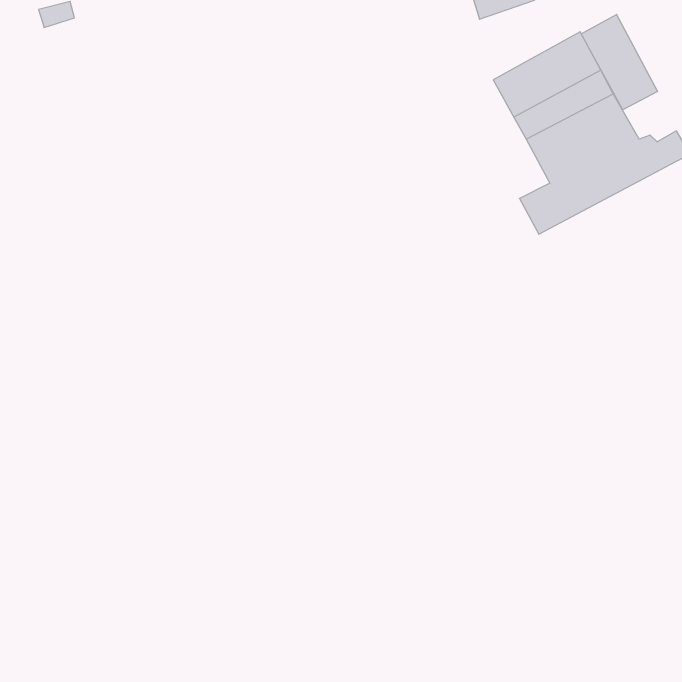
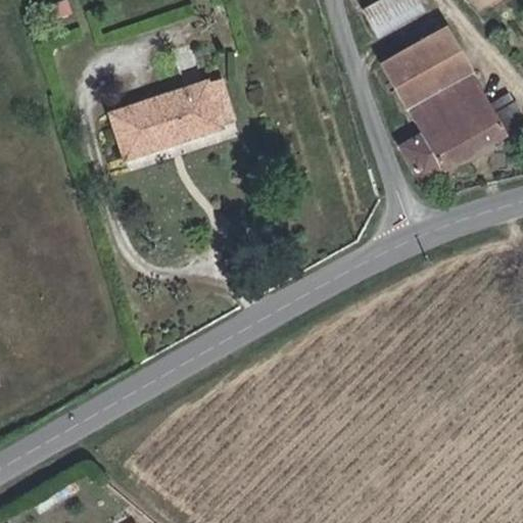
building: [581,14,657,110] -> none
building: none -> [103,85,221,162]

